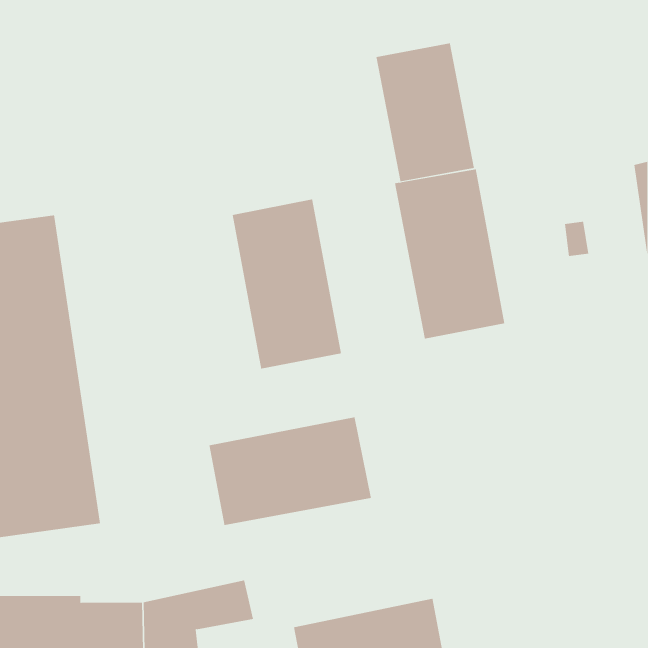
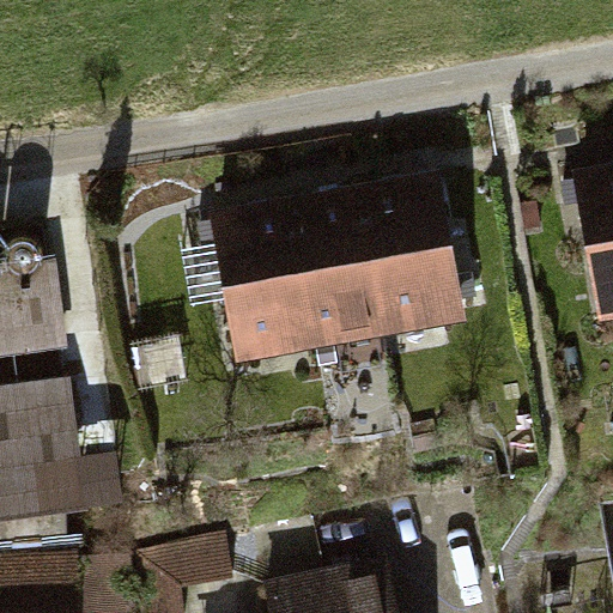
building: [376,43,474,182] -> none
building: none -> [286,187,388,342]
building: [209,416,372,526] -> none

